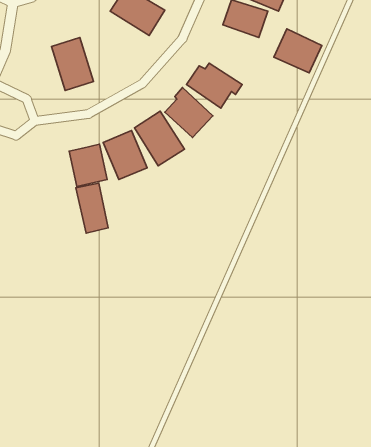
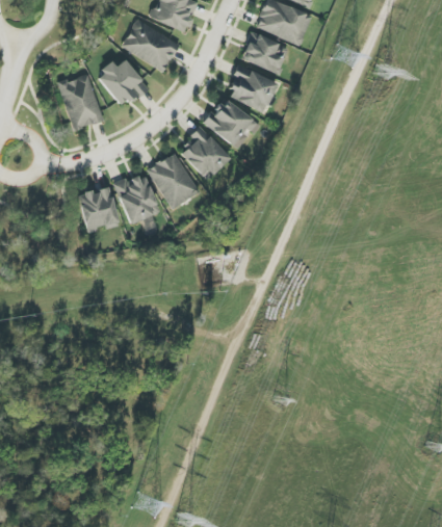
building: none -> [97,59,147,108]
building: [274,29,322,73] -> [226,65,277,112]
building: [76,183,108,233] -> none

